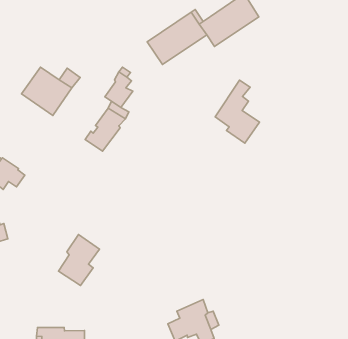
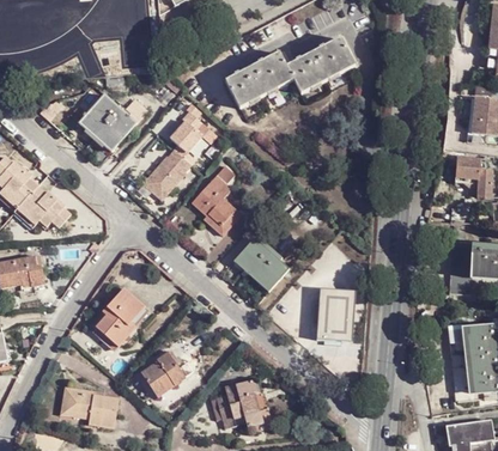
building: [215,80,260,143] -> [192,164,241,236]
building: none -> [233,237,289,290]
building: none -> [312,287,357,343]
building: none -> [141,349,184,396]

